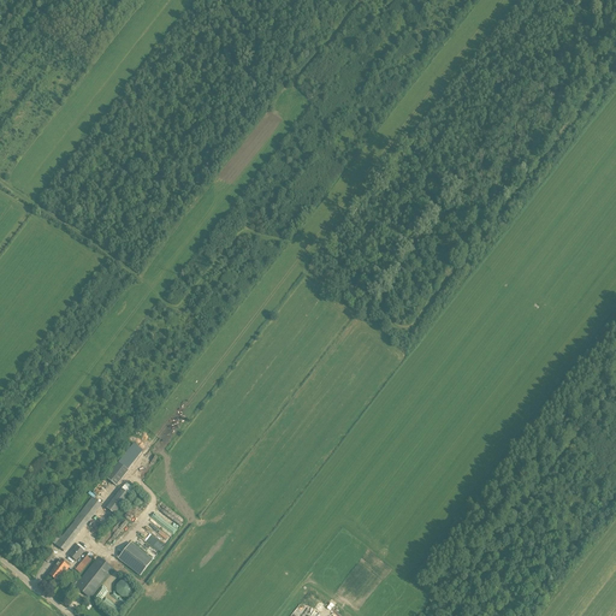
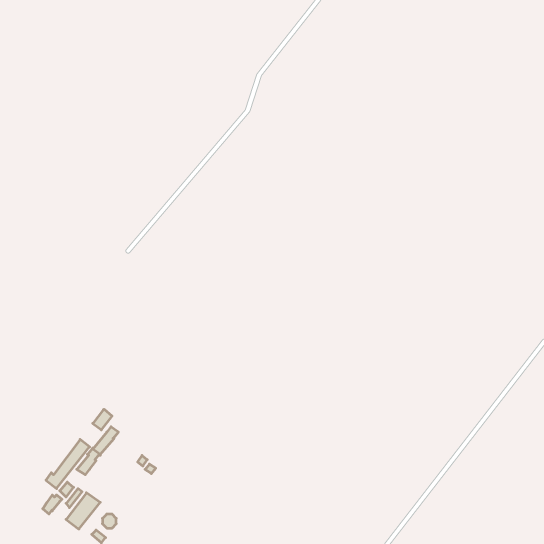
building: [118,541,152,574] -> none

